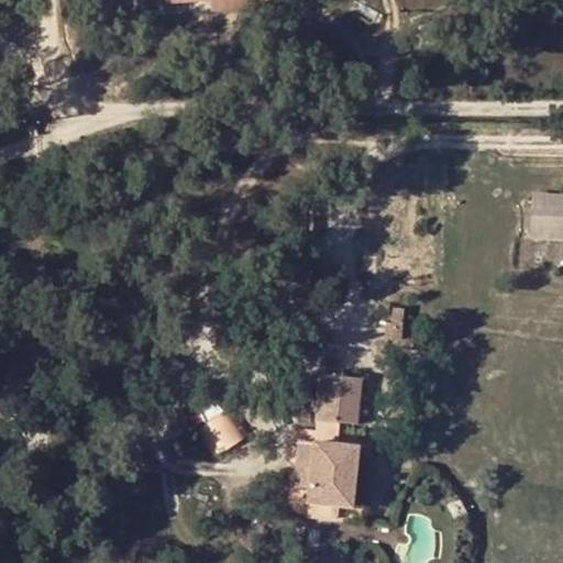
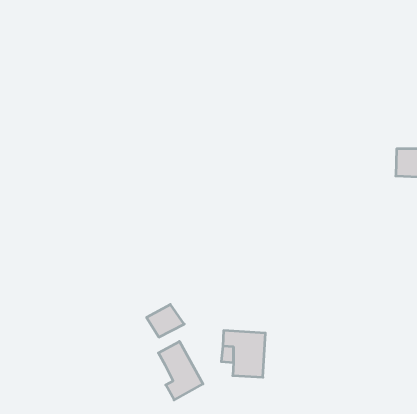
building: [318,377,362,421] -> none
building: none -> [158,341,203,400]

